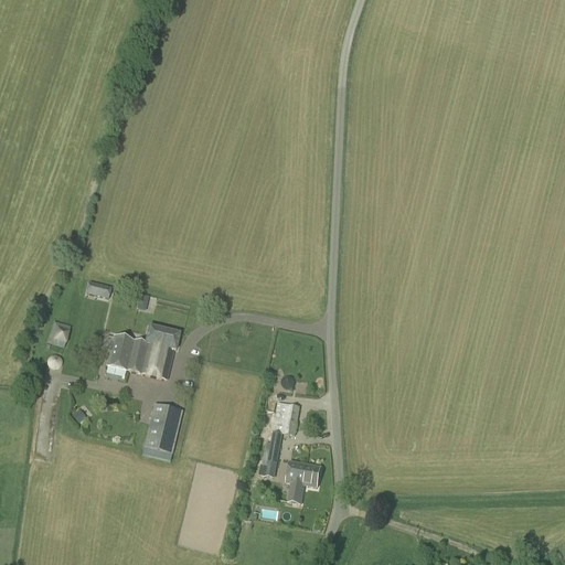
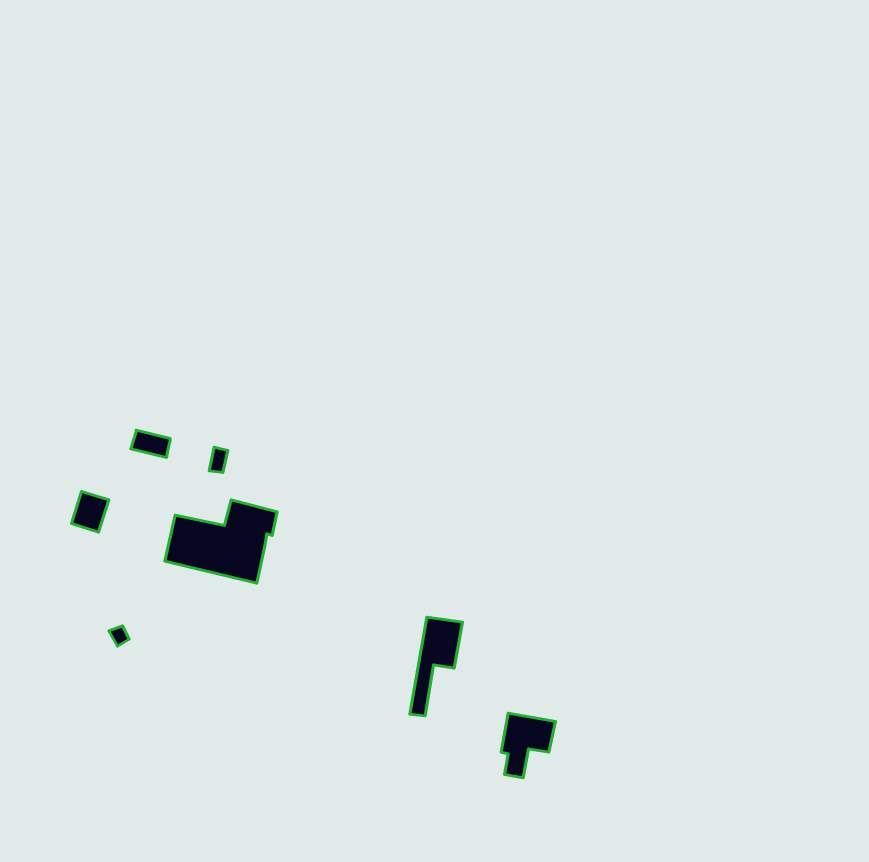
building: [143,402,182,452] -> none
building: [286,460,321,502] -> [501,713,556,778]

